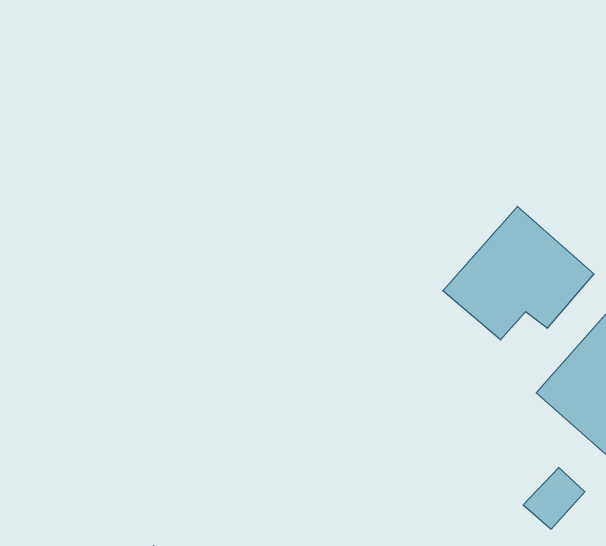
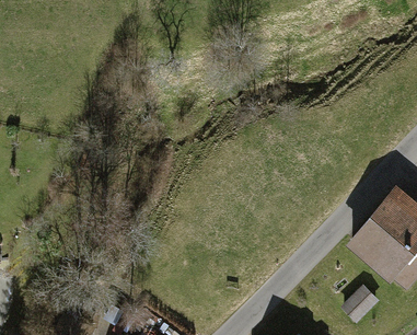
building: [443,206,594,340] -> none

